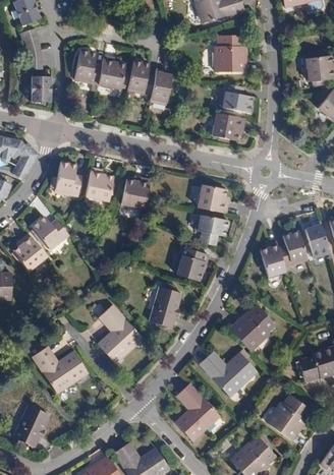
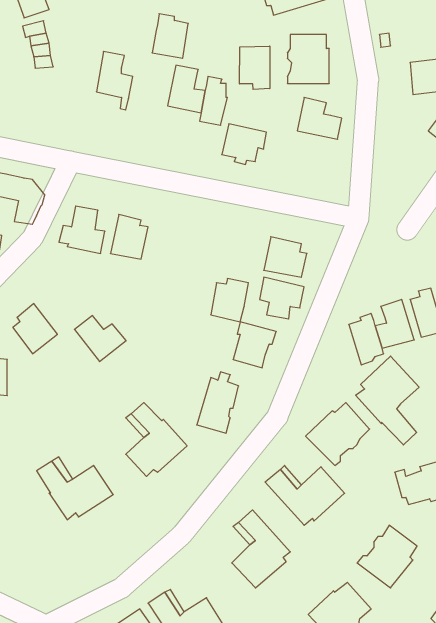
building: none -> [240,46,270,89]
building: [99,55,125,87] -> [152,14,188,58]
building: [32,75,51,101] -> none
building: [212,111,244,140] -> [222,124,266,164]
building: [122,177,150,209] -> [211,279,248,322]
building: [32,216,69,249] -> [74,316,126,362]
building: none -> [356,356,419,445]
building: [12,405,49,451] -> none

